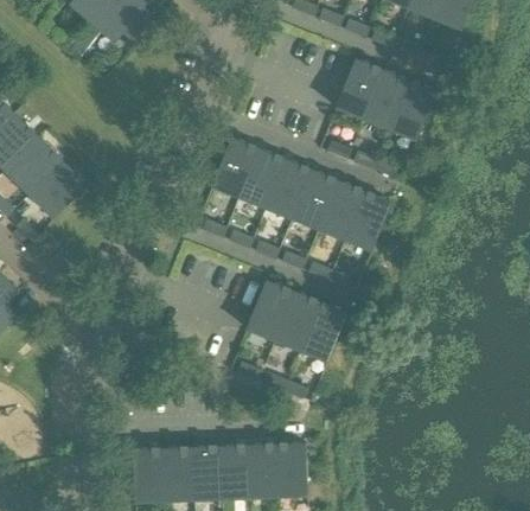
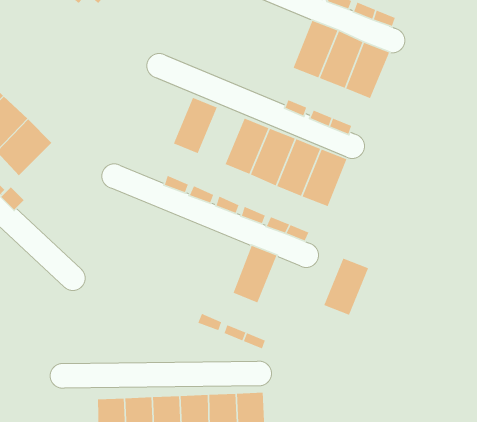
building: [238,148,286,207] -> none
building: [247,280,293,340] -> none
building: [300,301,347,362] -> [323,257,369,316]

